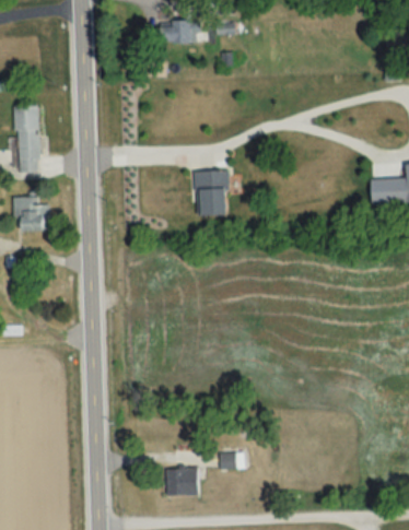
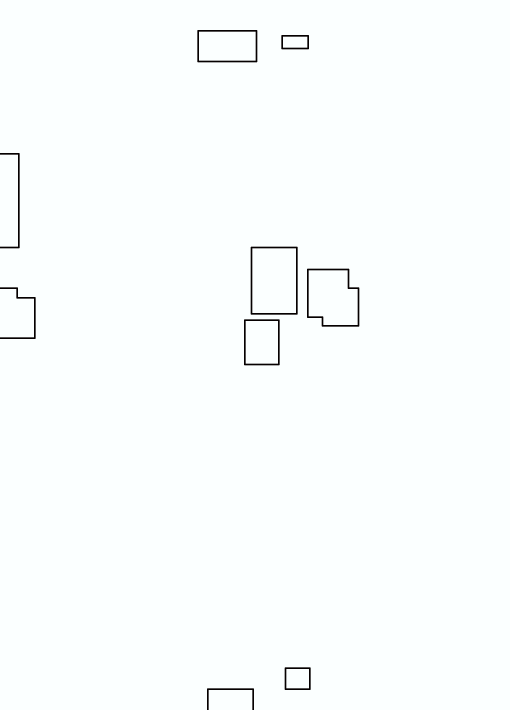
building: none -> [308,269,358,326]
building: none -> [245,320,279,365]

